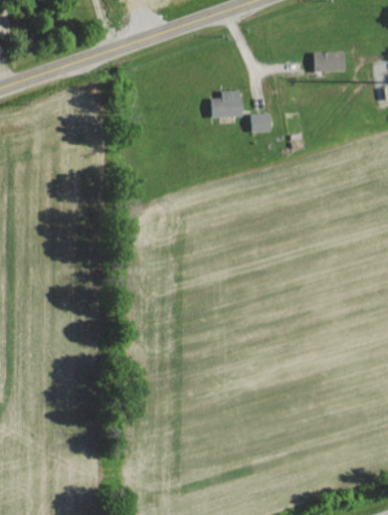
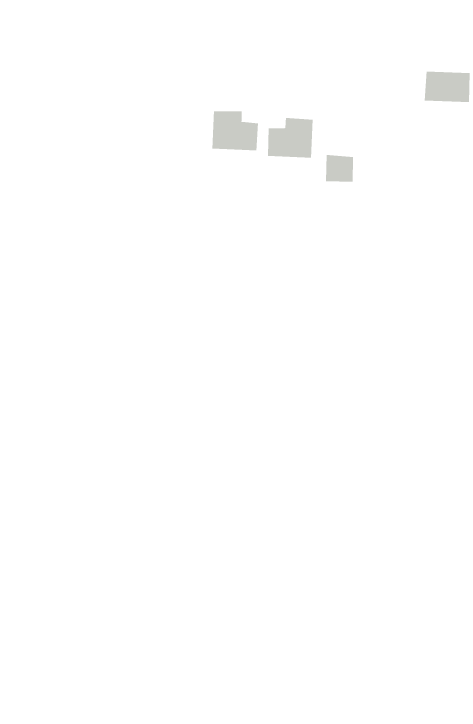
building: none -> [212,111,259,151]

